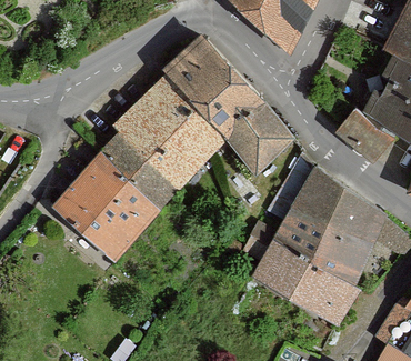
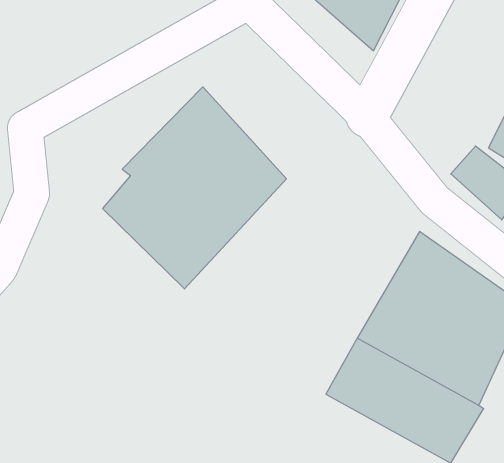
building: [169,38,289,169] -> none
building: [54,152,157,258] -> none

